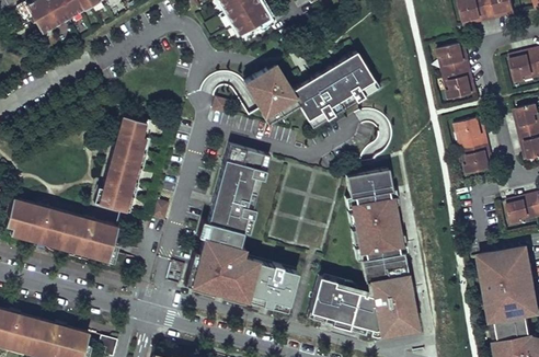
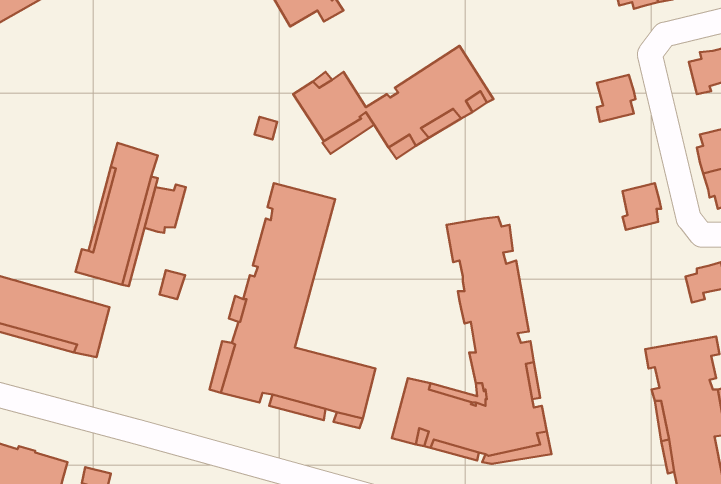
building: [438,45,470,76] -> none
building: [456,119,488,149] -> none
building: none -> [144,184,186,233]

